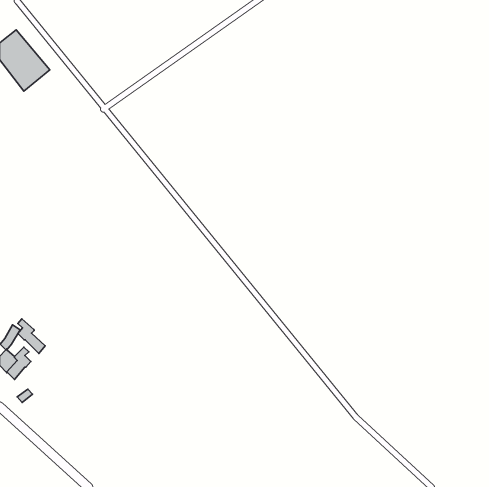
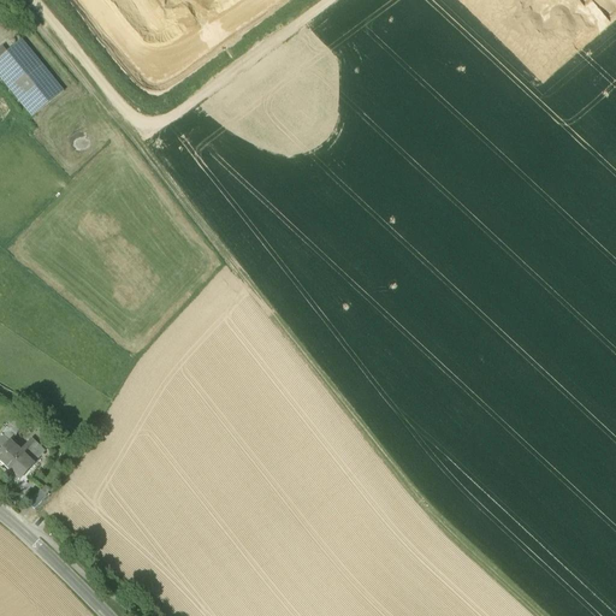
building: [18,319,45,353] -> none

